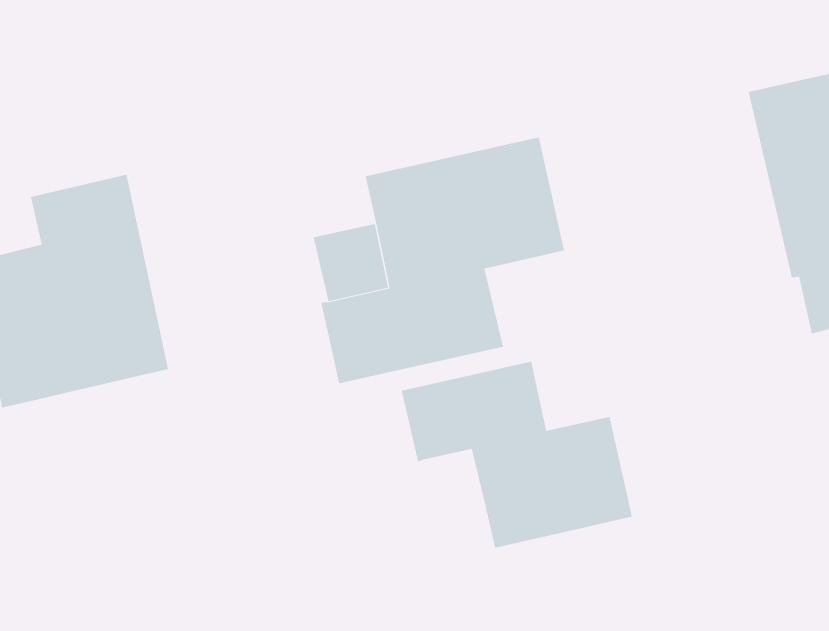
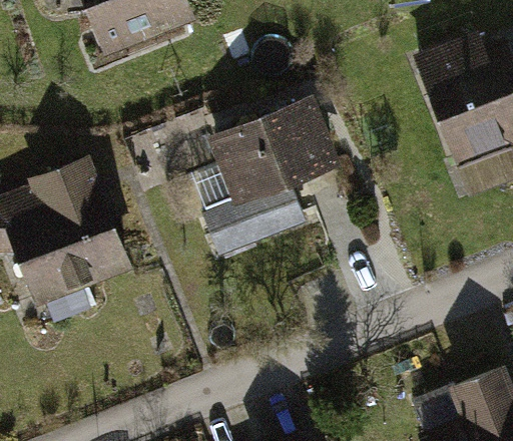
building: [401,361,633,548] -> none

